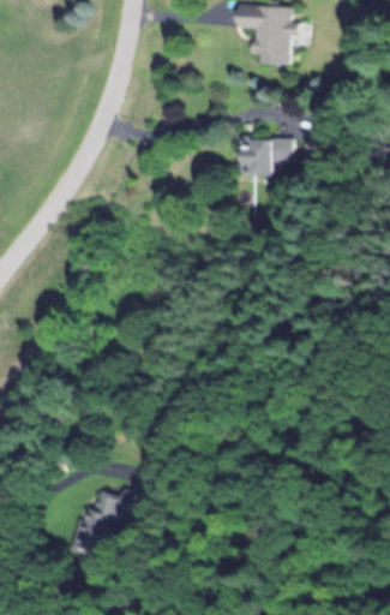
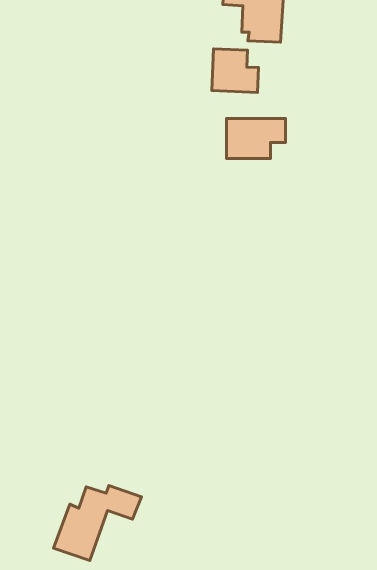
building: none -> [212,49,259,93]

